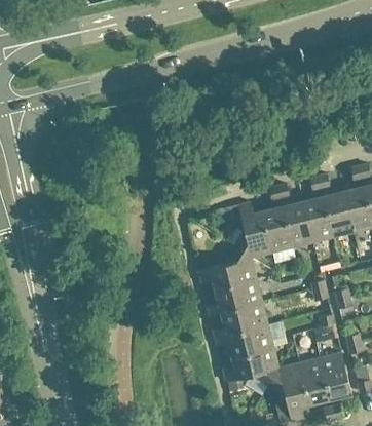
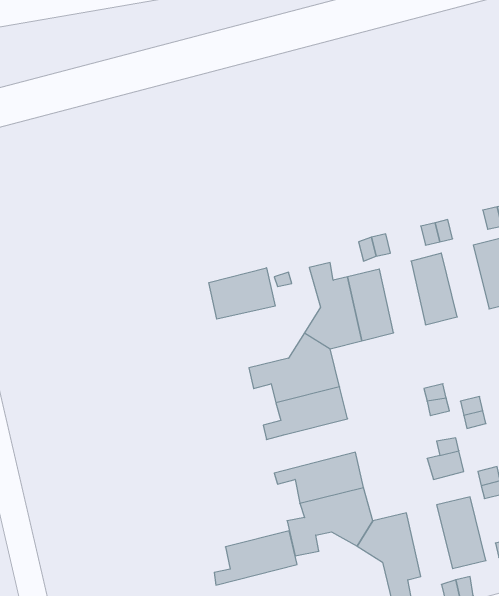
building: [323,191,354,237] -> none
building: [283,201,312,247] -> none
building: none -> [209,268,275,319]
building: [214,303,267,338] -> [214,531,297,585]
building: [300,358,330,404] -> none

